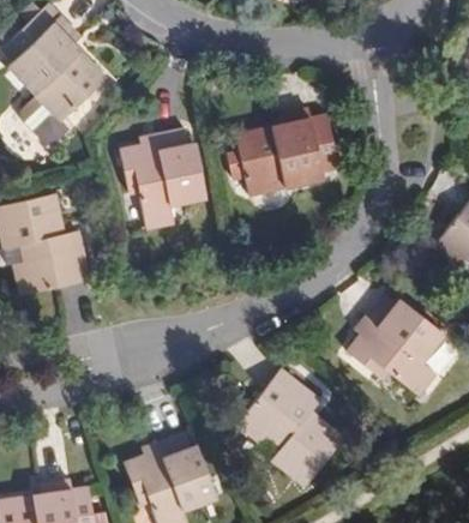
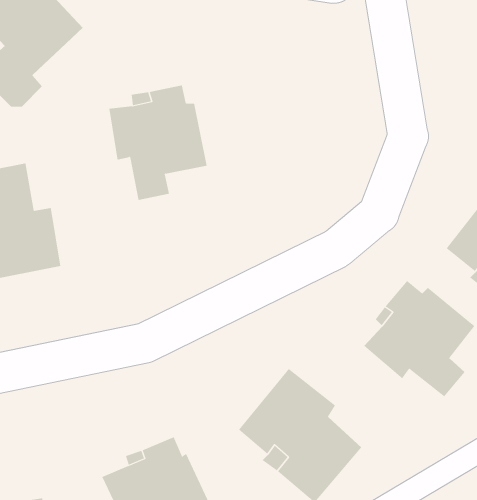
building: [226,110,339,194] -> none

